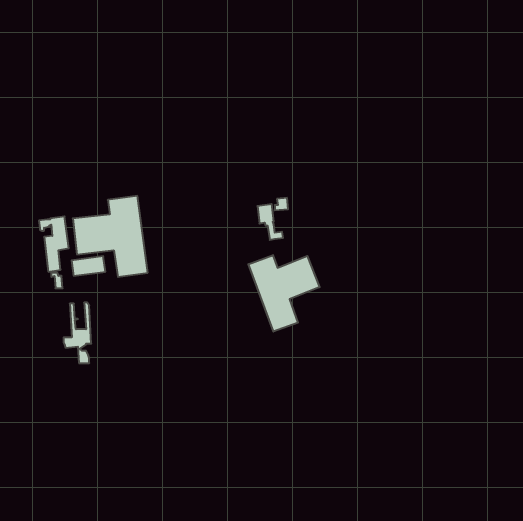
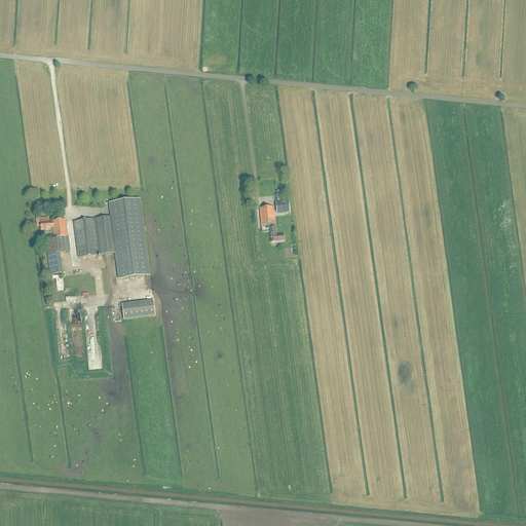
building: [248,255,320,332] -> none
building: [72,256,105,276] -> [120,298,154,317]

